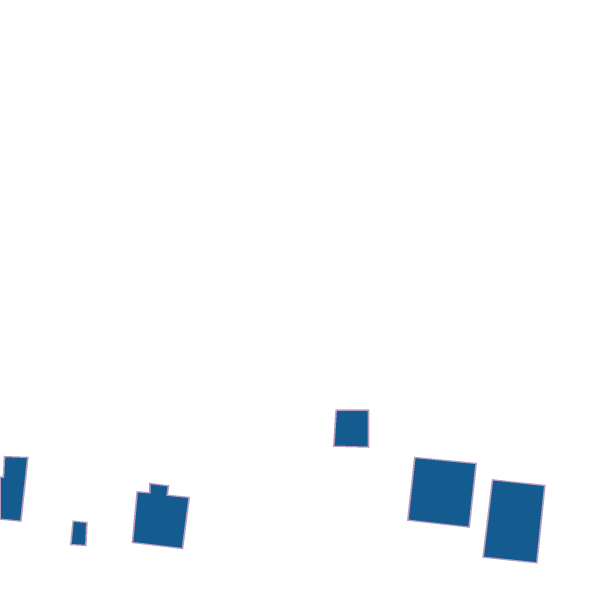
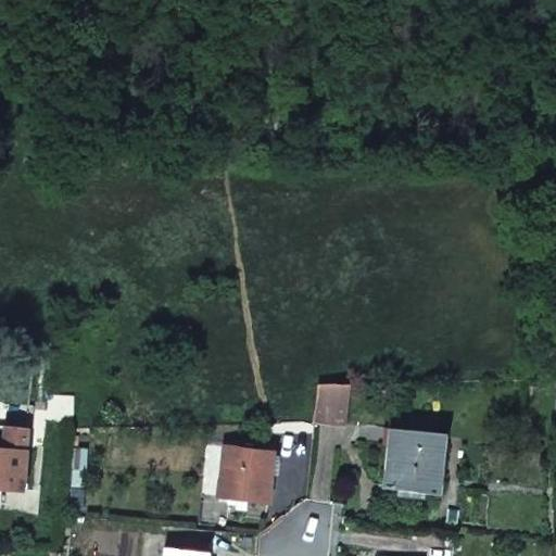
building: [483,480,545,563] -> none
building: [133,484,189,548] -> [220,440,274,501]

